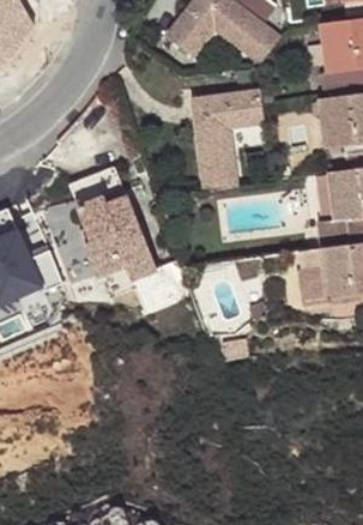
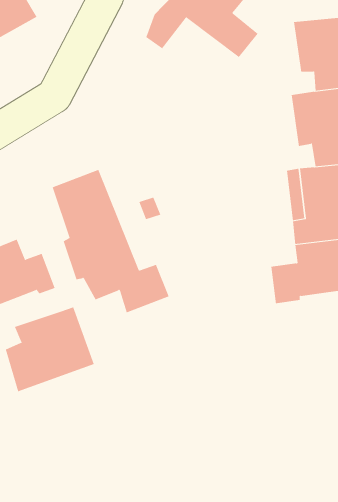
building: [188,89,259,186] -> none
building: none -> [5,306,94,392]

